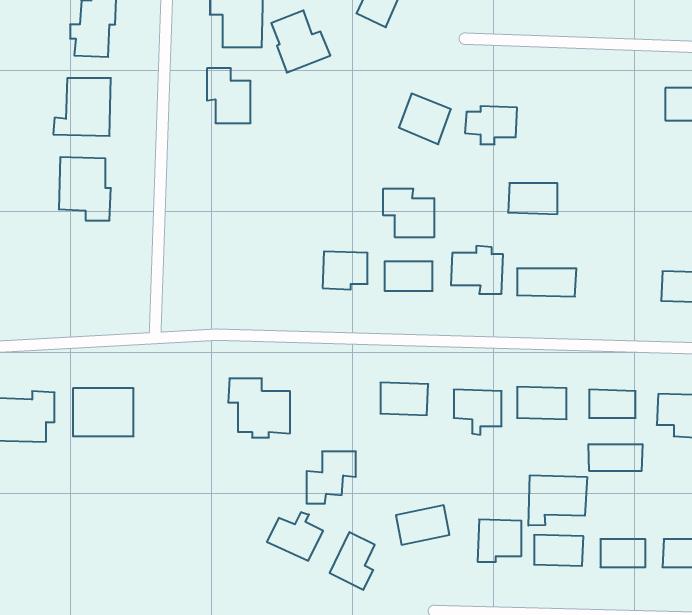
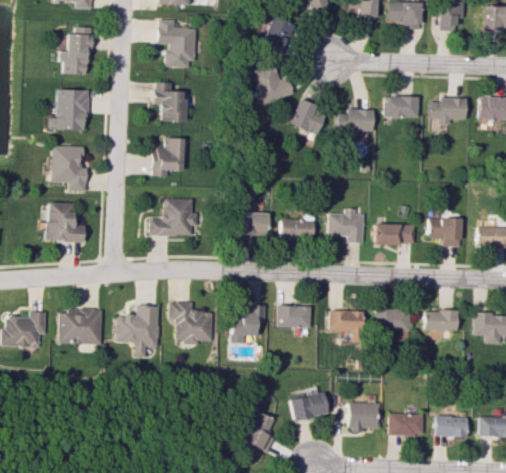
building: [271,10,330,73] -> [252,62,294,106]
building: none -> [431,98,467,132]
building: none -> [152,137,185,176]
building: [508,183,557,214] -> [385,96,420,118]
building: [383,189,434,237] -> none
building: none -> [150,198,199,235]
building: none -> [47,202,85,242]
building: none -> [429,218,463,246]
building: none -> [117,305,161,357]
building: [589,444,642,471] -> none
building: [307,451,356,504] -> [232,305,267,342]
building: [528,475,587,526] -> none
building: [267,512,323,561] -> none

